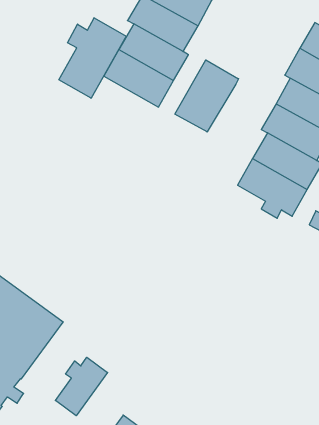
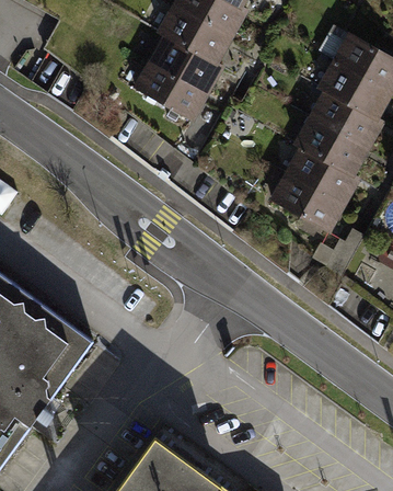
building: [59,18,126,98] -> none
building: [175,60,239,132] -> none
building: [55,357,108,416] -> none

